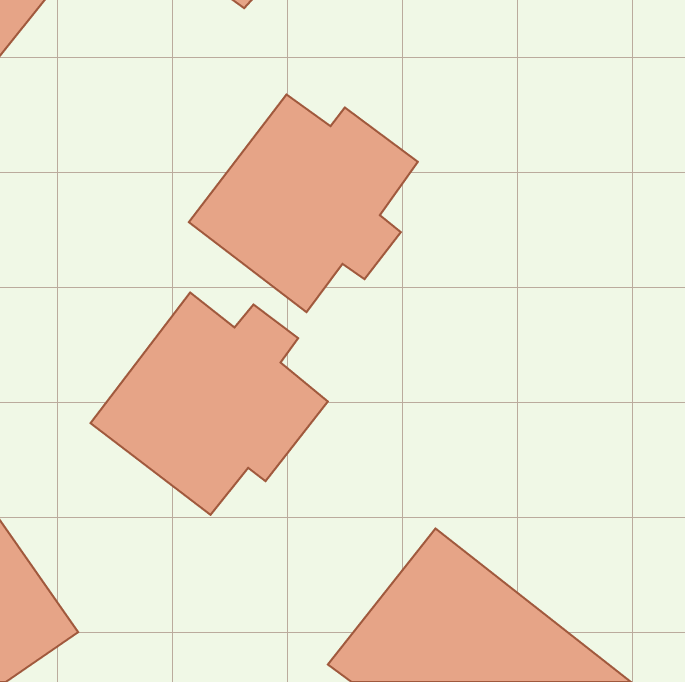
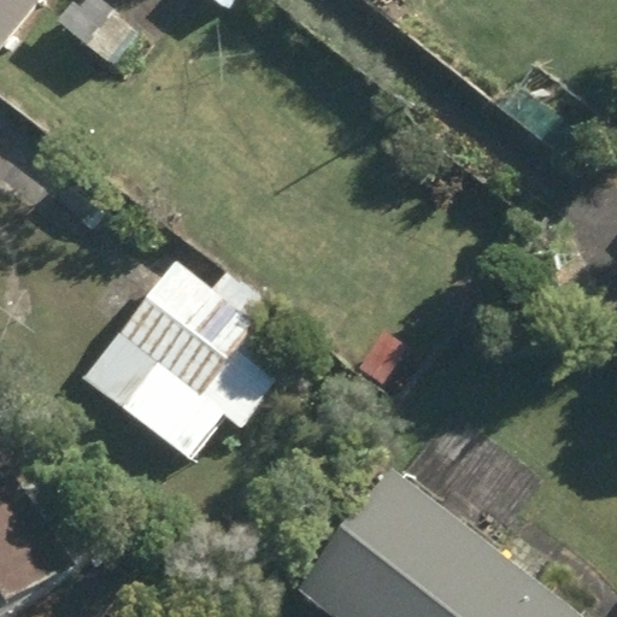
building: [189,94,418,312] -> none

